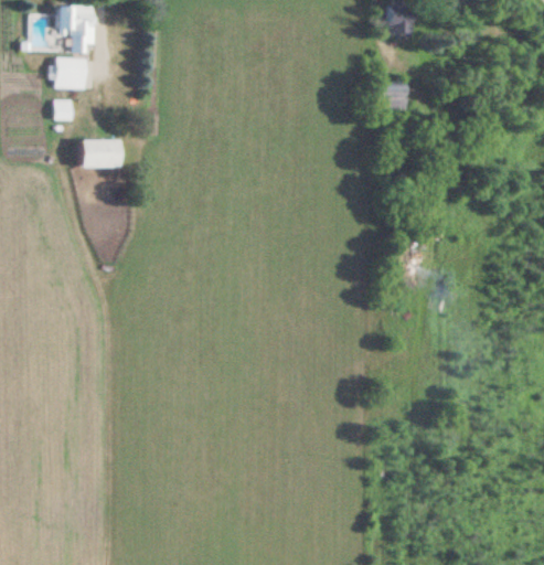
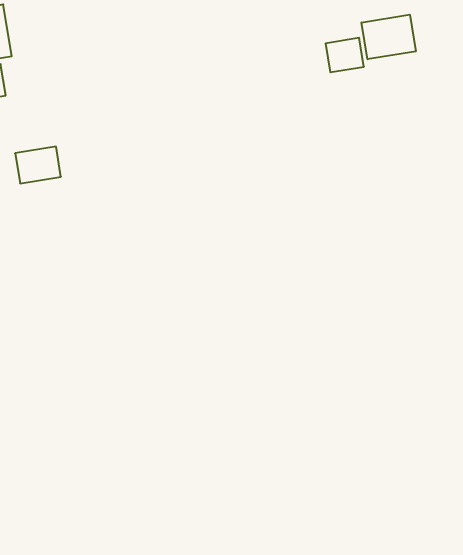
building: none -> [362,15,416,59]

